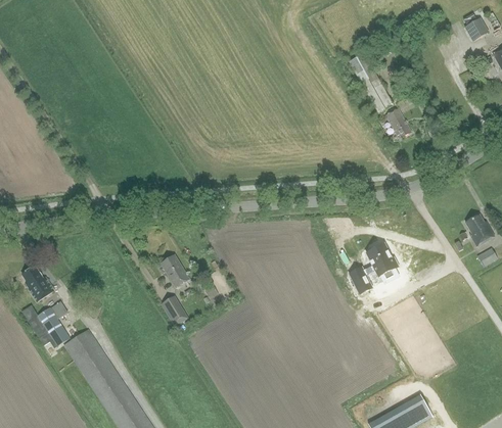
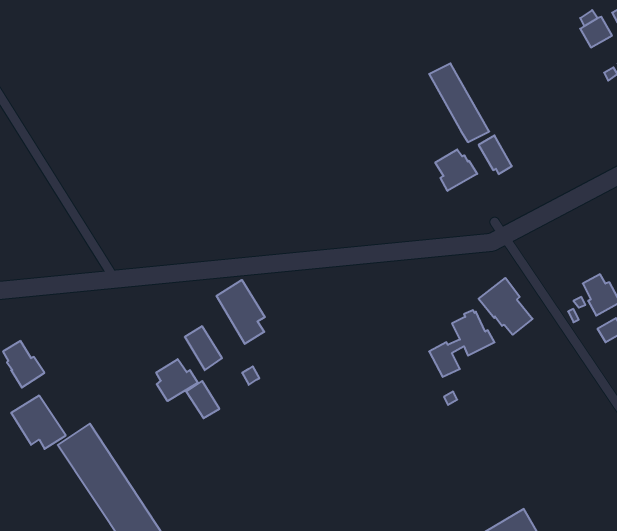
building: none -> [435,149,477,191]
building: none -> [479,278,533,335]
building: none -> [217,280,265,344]
building: none -> [156,359,198,401]

